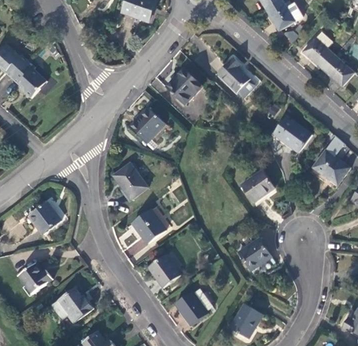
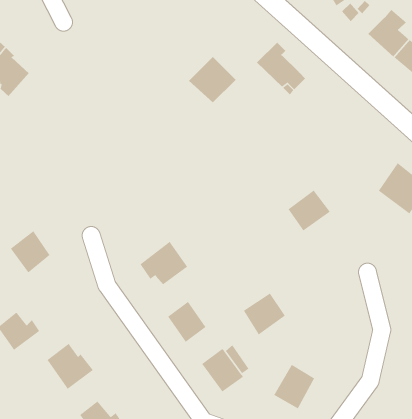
building: [130,108,166,143] -> none
building: [274,116,312,152] -> none
building: [114,163,148,200] -> none
building: [239,238,272,271] -> [243,292,286,336]

